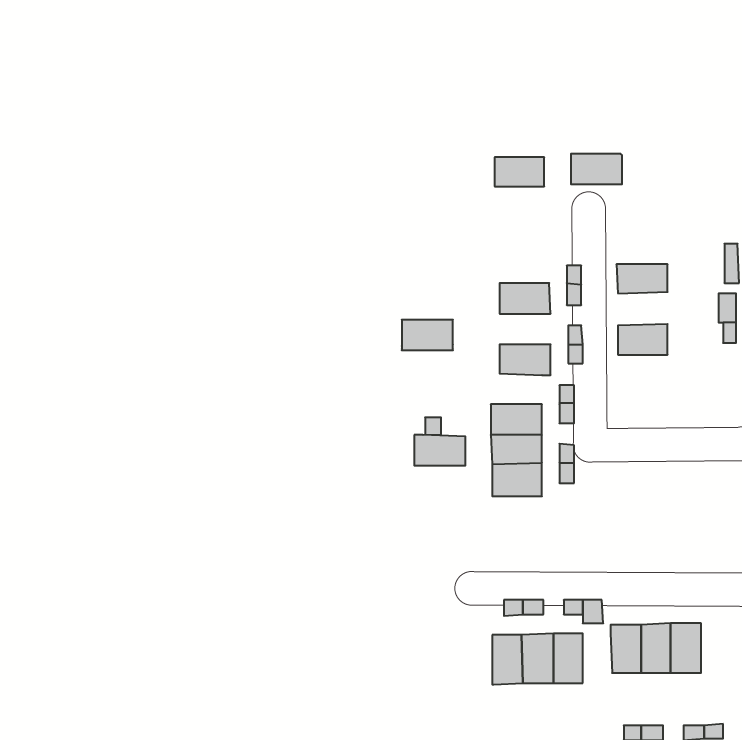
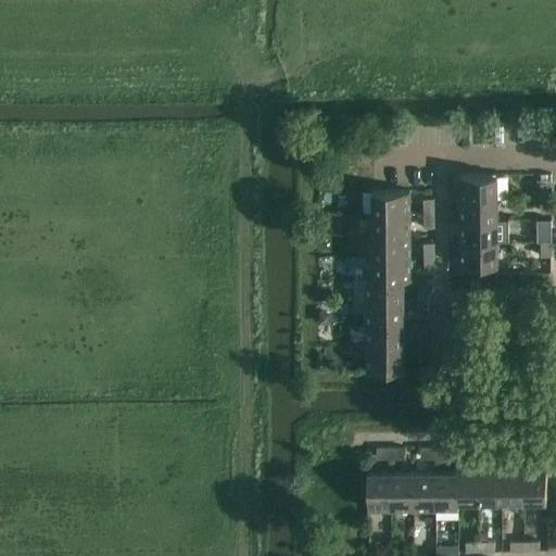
building: [571,154,622,184] -> [458,178,496,201]
building: [495,157,544,186] -> [371,193,408,215]
building: none -> [459,222,496,247]
building: [402,320,453,350] -> [371,238,409,261]
building: [414,435,465,466] -> [365,282,403,305]
building: none -> [521,468,544,505]
building: none -> [433,476,455,523]

